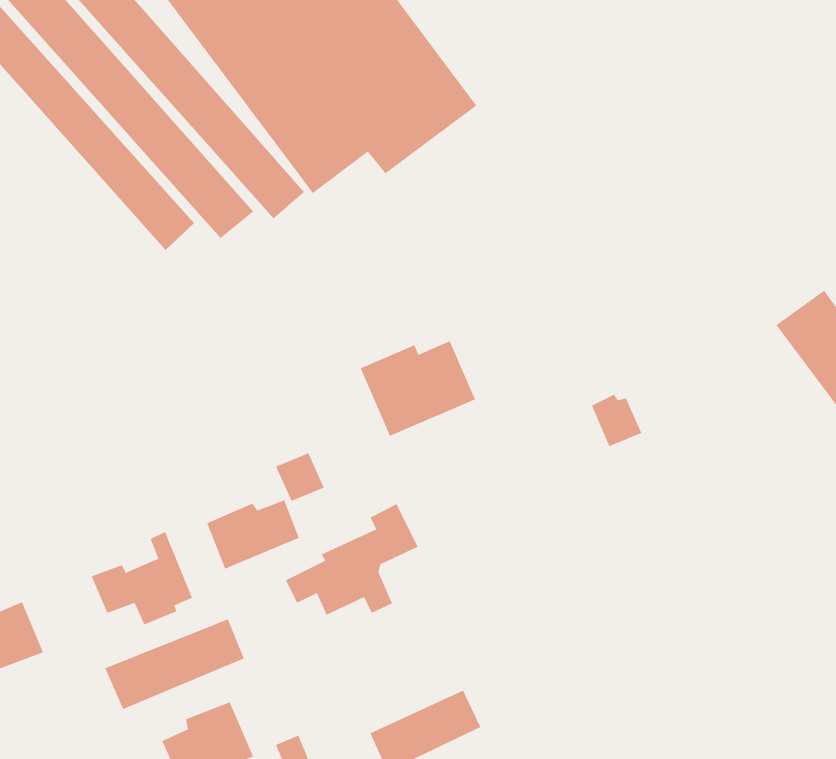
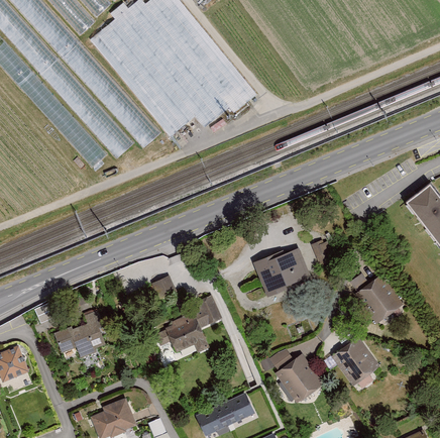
building: [360,341,476,437] -> [253,249,313,299]
building: none -> [354,275,404,325]
building: [207,500,299,570] -> none
building: none -> [330,337,379,390]
building: none -> [269,347,323,405]
building: [105,618,245,710] -> none

